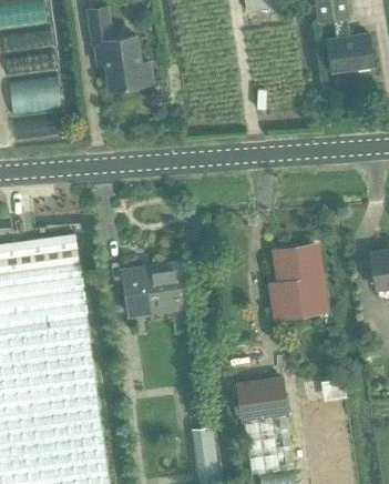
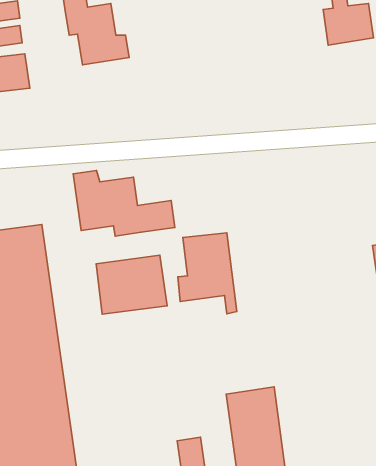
building: none -> [73,171,175,236]
building: [273,248,326,321] -> [178,233,237,314]

